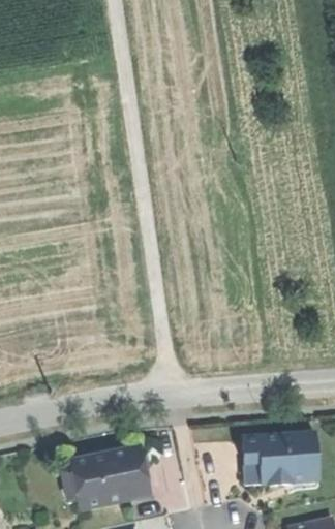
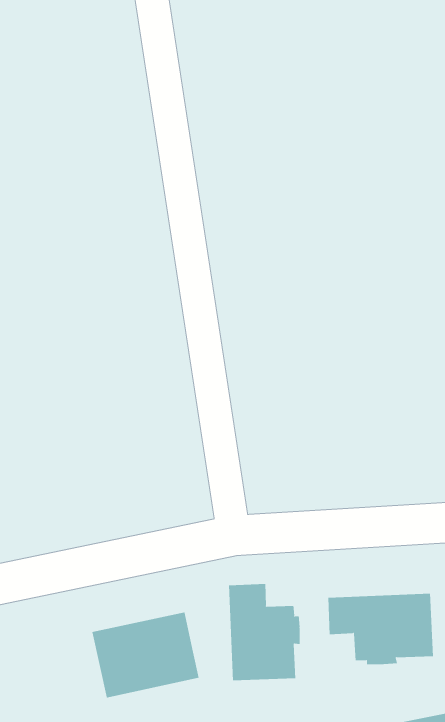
building: none -> [228,583,300,681]

